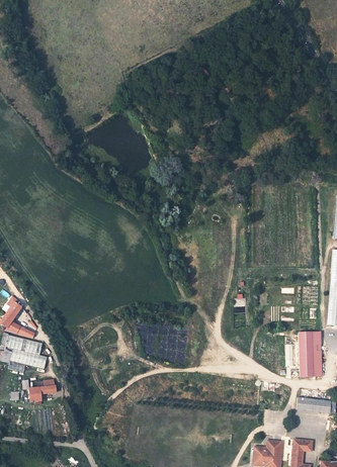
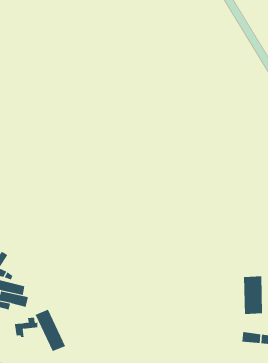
building: none -> [35,309,66,352]

